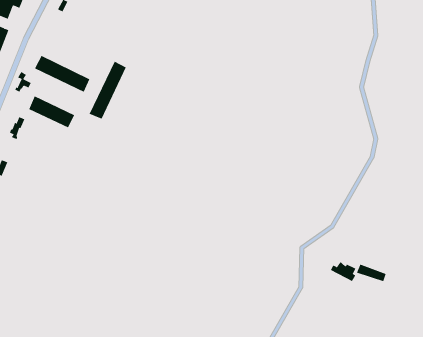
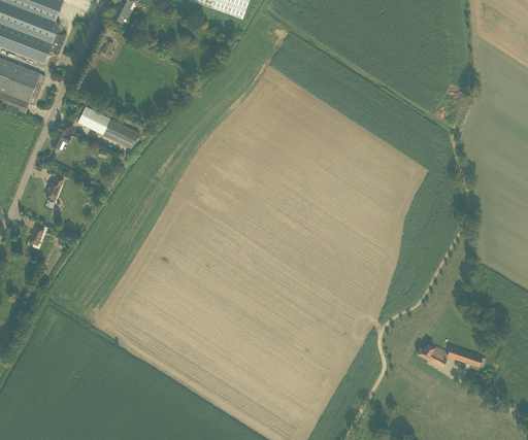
building: [89,61,127,120] -> none
building: [28,96,75,128] -> none

